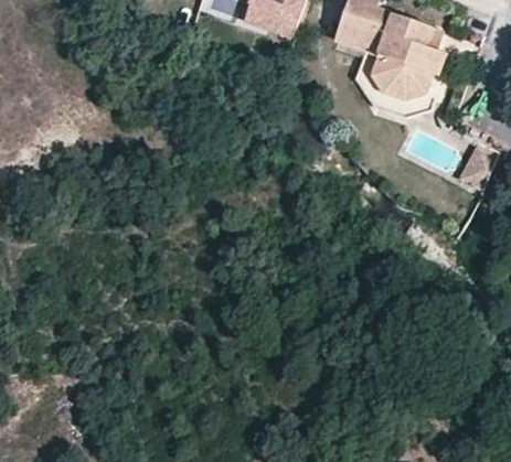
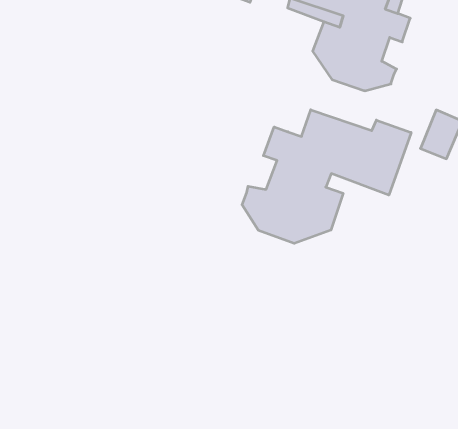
building: none -> [242,110,411,243]

